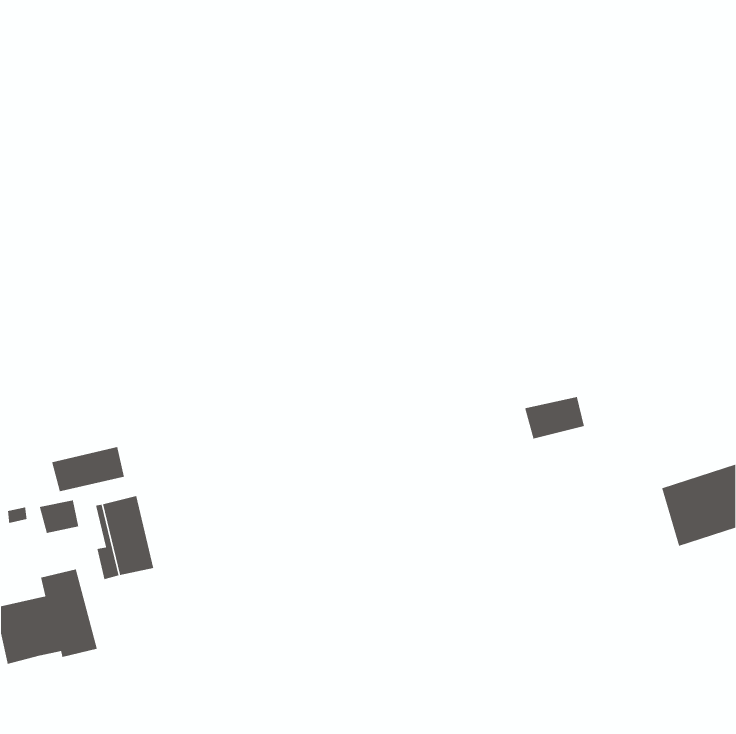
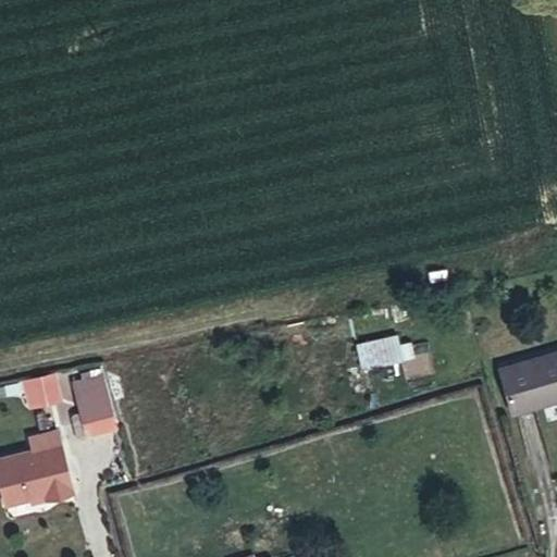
building: [524,396,585,439] -> [357,337,403,370]
building: [51,446,125,492] -> none

